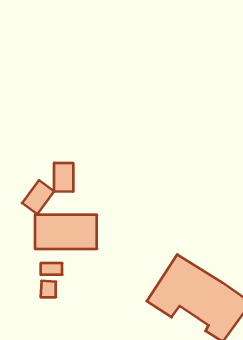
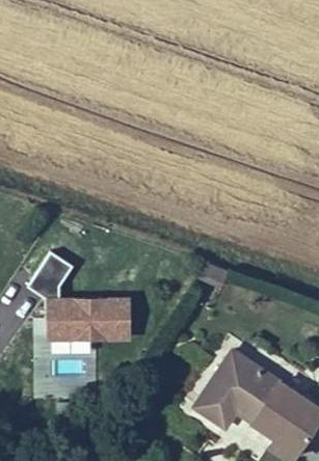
building: [54,163,73,192] -> none

